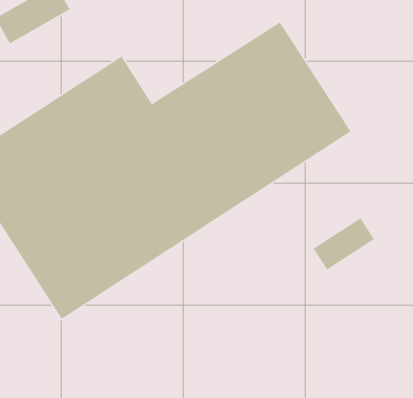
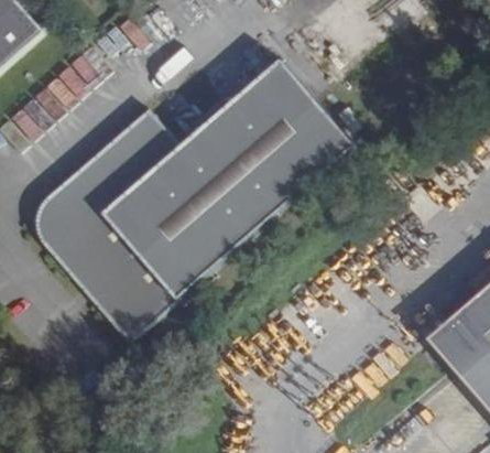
building: [313,217,375,271] -> none

